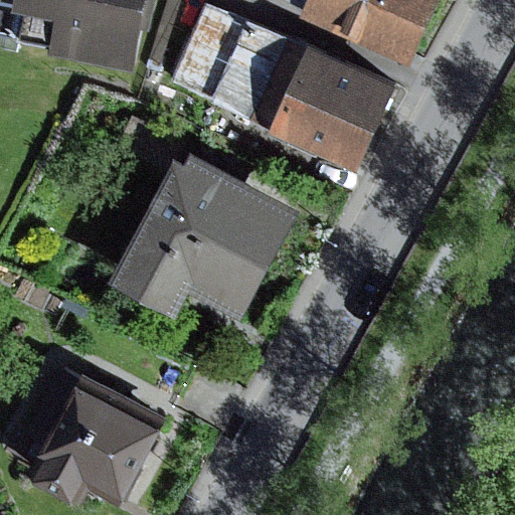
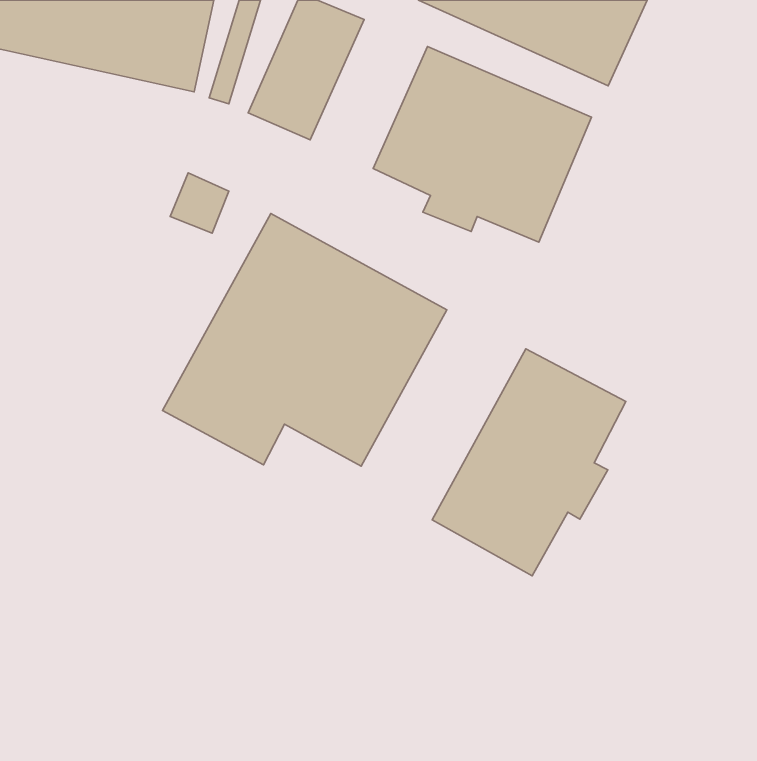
building: [207,18,286,118] -> none
building: none -> [432,349,626,576]
building: [24,377,162,506] -> none

